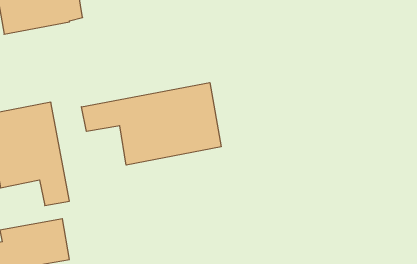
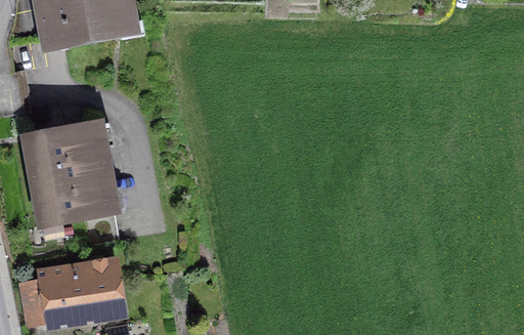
building: [81,83,221,165] -> none

